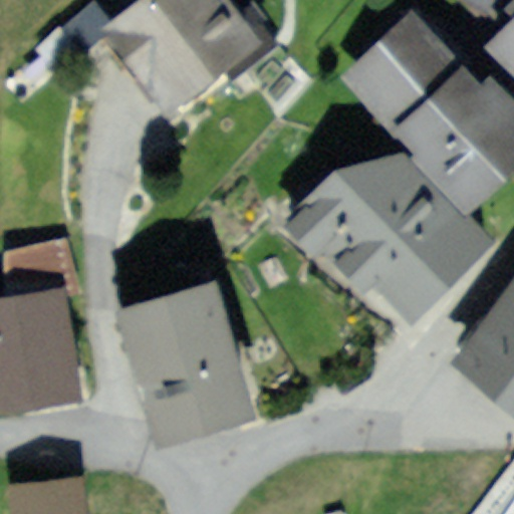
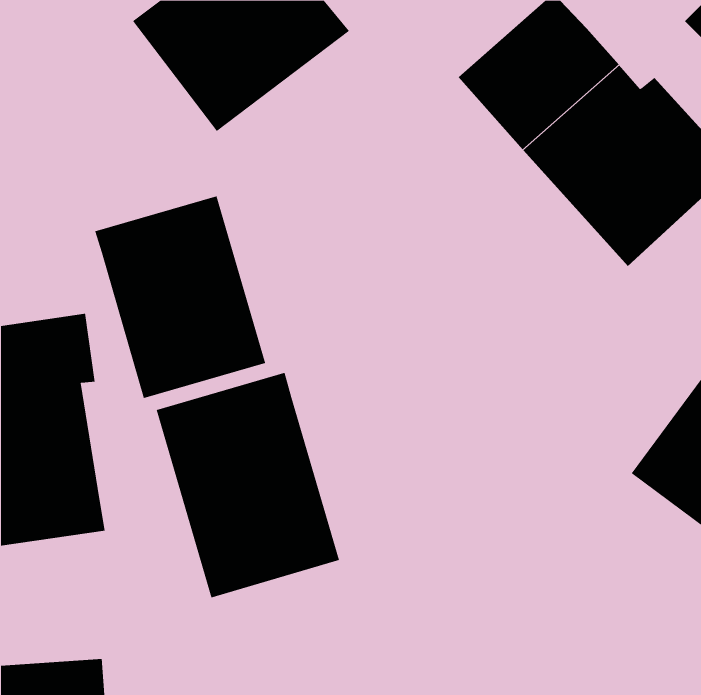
building: [290,130,487,330] -> none
building: none -> [95,196,266,399]

